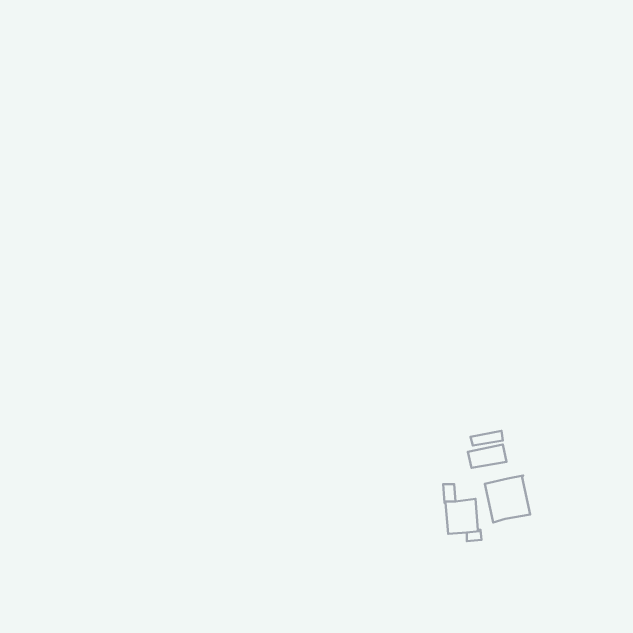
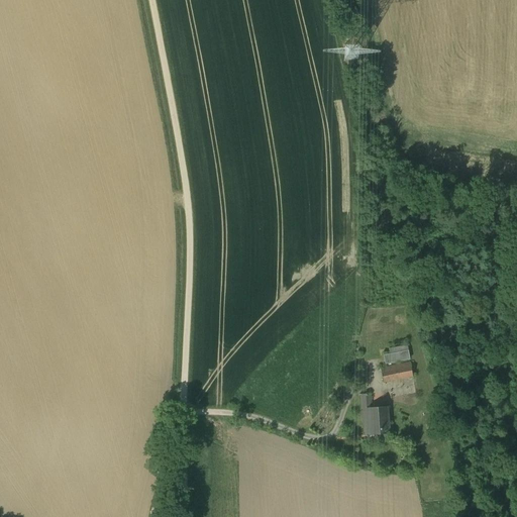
building: [485,476,530,522] -> none

